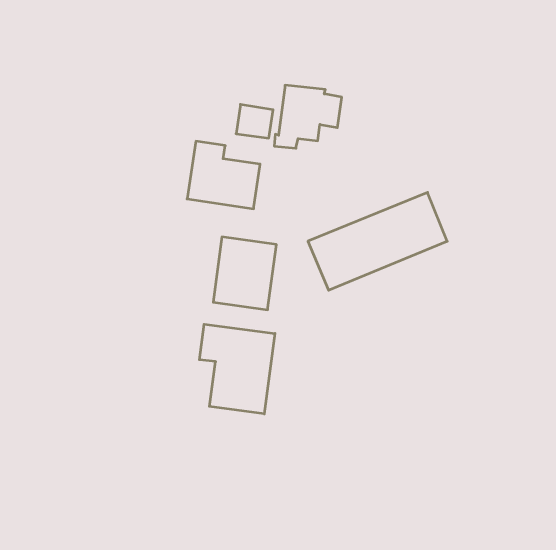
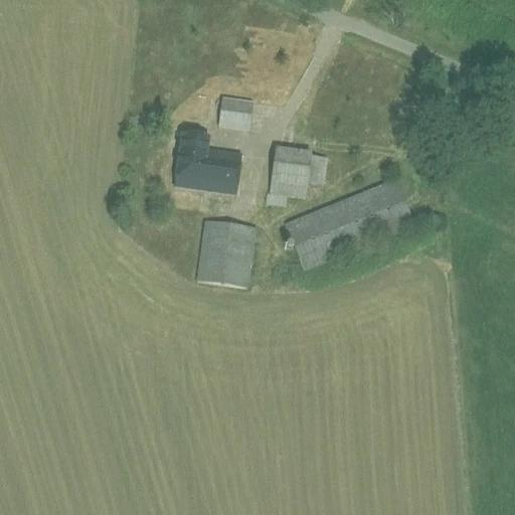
building: [274,85,342,148] -> [265,146,327,204]
building: [199,324,275,414] -> none

